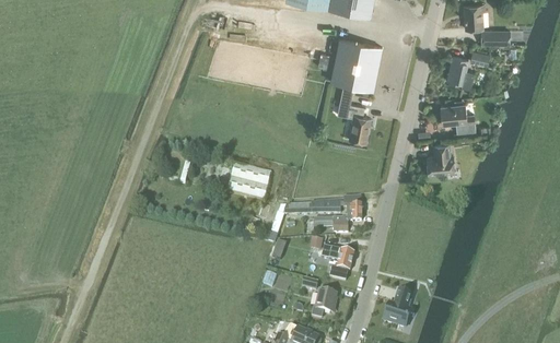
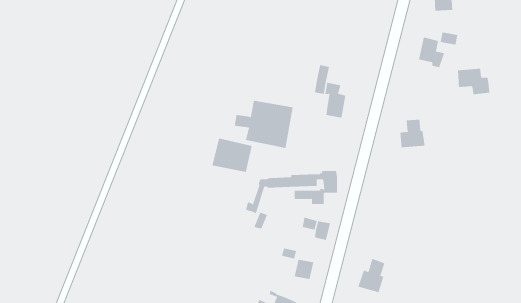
building: [481,27,511,43] -> none
building: [318,36,382,87] -> [234,100,293,148]
building: [441,102,476,130] -> [457,68,490,95]

